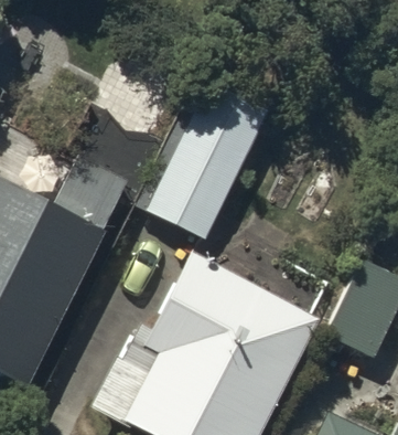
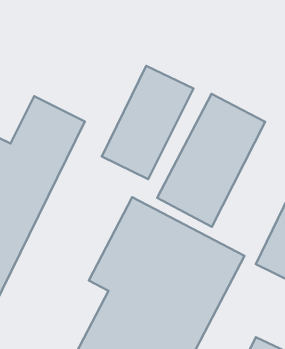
building: none -> [157,94,265,227]

